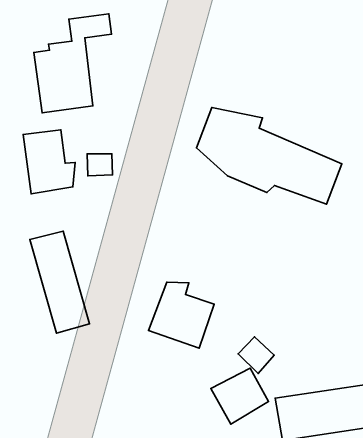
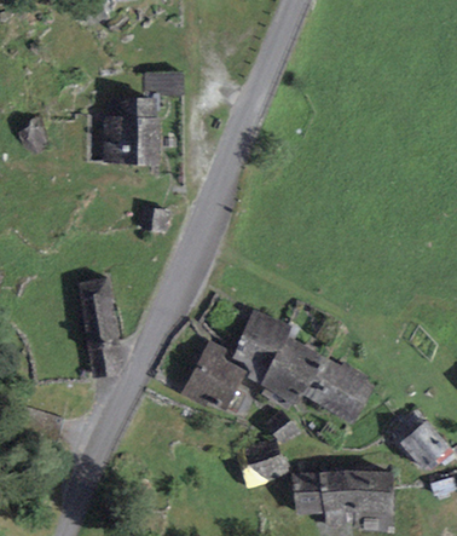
building: [196,108,342,204] -> [233,312,374,422]
building: [23,130,75,194] -> none

